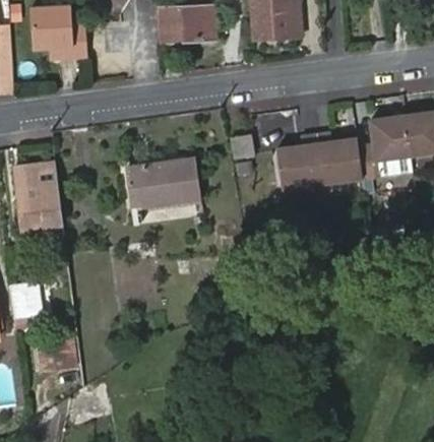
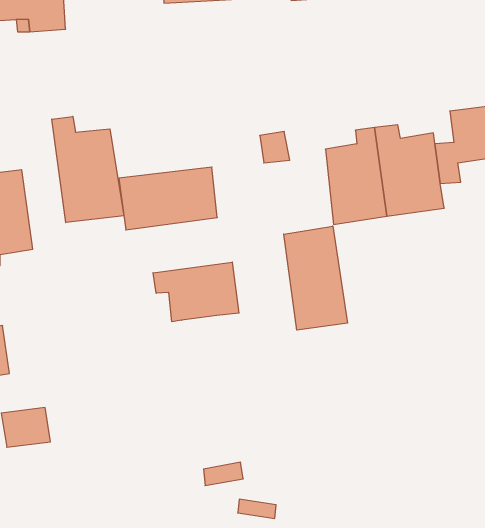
building: none -> [52,116,124,223]
building: none -> [284,226,347,330]
building: none -> [153,262,239,322]

